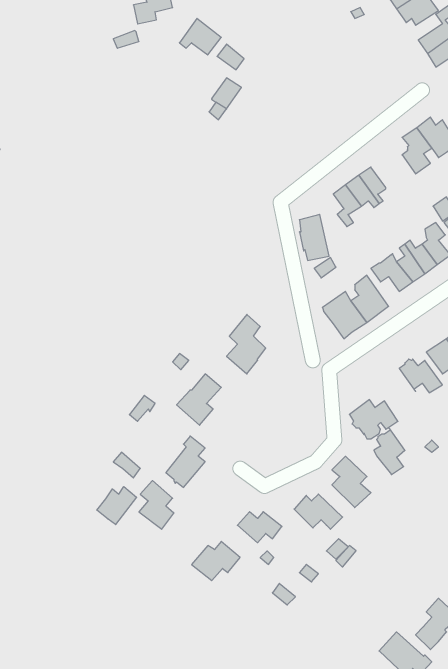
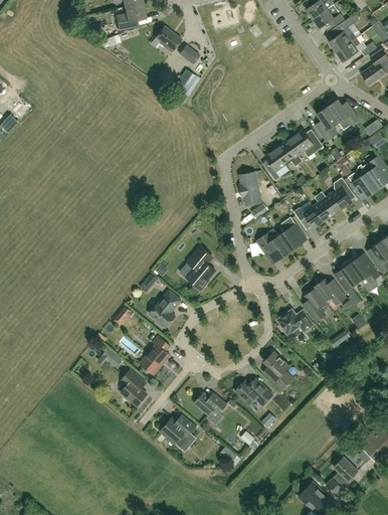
building: none -> [294,129,324,157]
building: [374,427,405,475] -> [304,286,327,321]
building: [97,487,137,525] -> none

